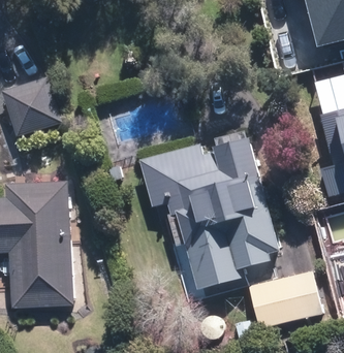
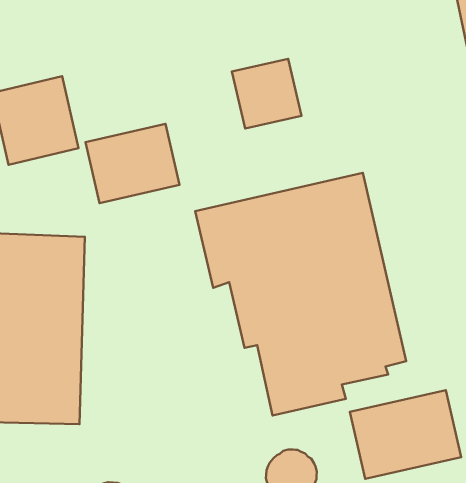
building: none -> [232,59,301,129]
building: none -> [86,124,179,203]

